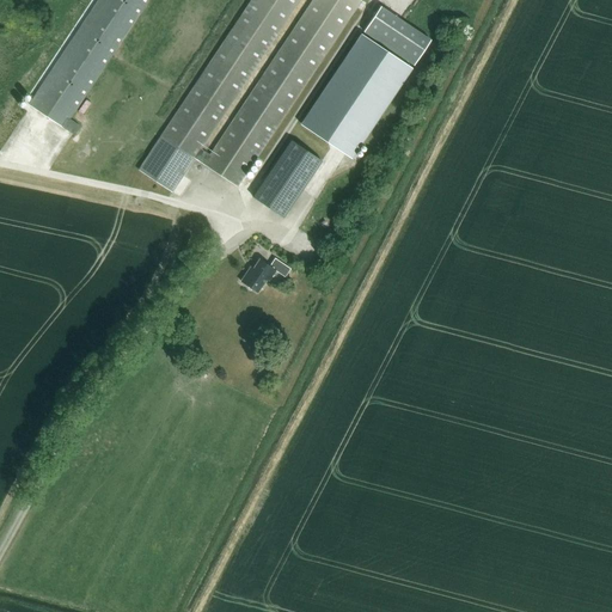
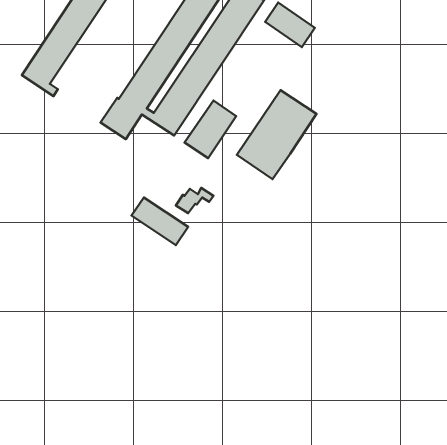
building: [302,35,411,157] -> [237,90,316,179]
building: none -> [132,197,188,245]

